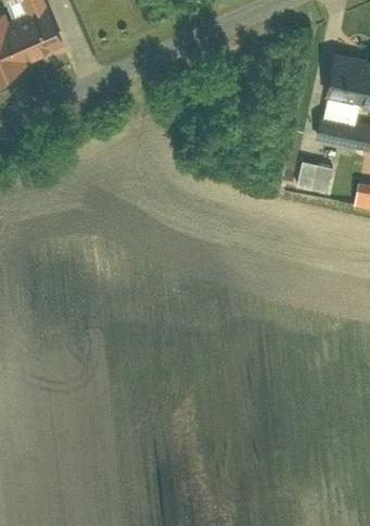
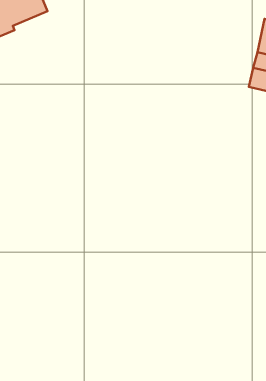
building: [297,163,332,193] -> none

